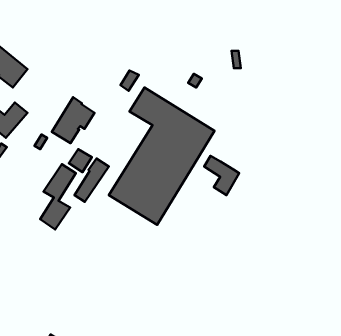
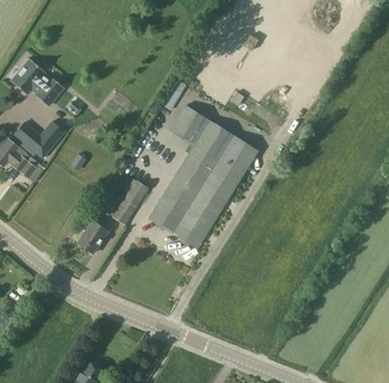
building: [52,97,94,143] -> none
building: [204,156,239,195] -> none

